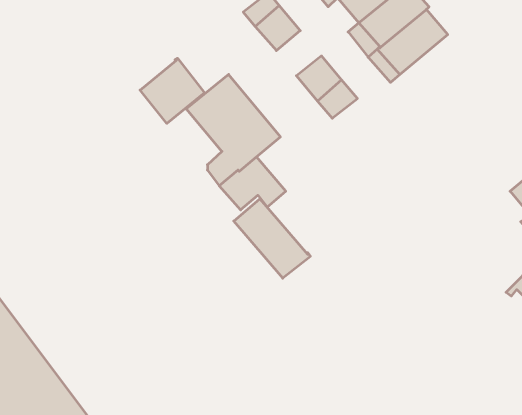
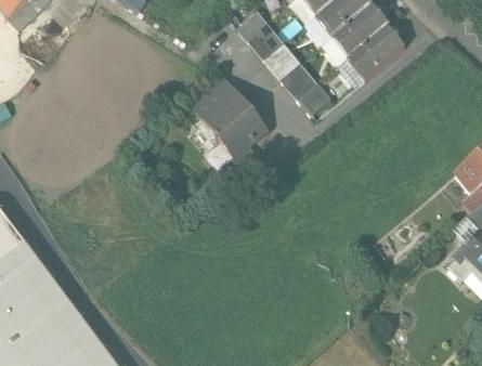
building: none -> [263,41,300,78]
building: [140,58,204,123] -> none
building: [234,199,310,278] -> none

